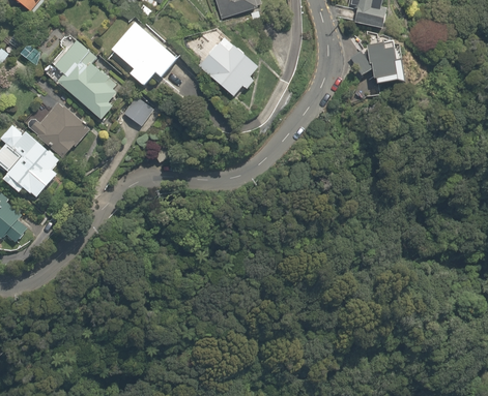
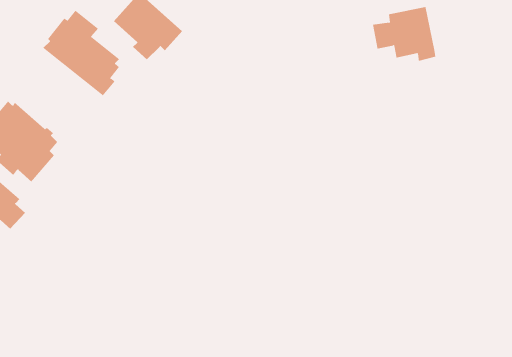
building: [200,36,257,95] -> none
building: [124,94,157,126] -> none
building: [25,102,89,158] -> none

